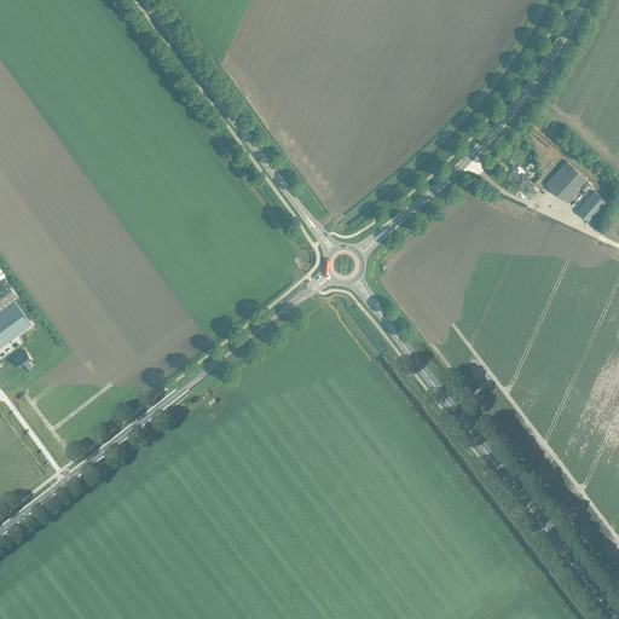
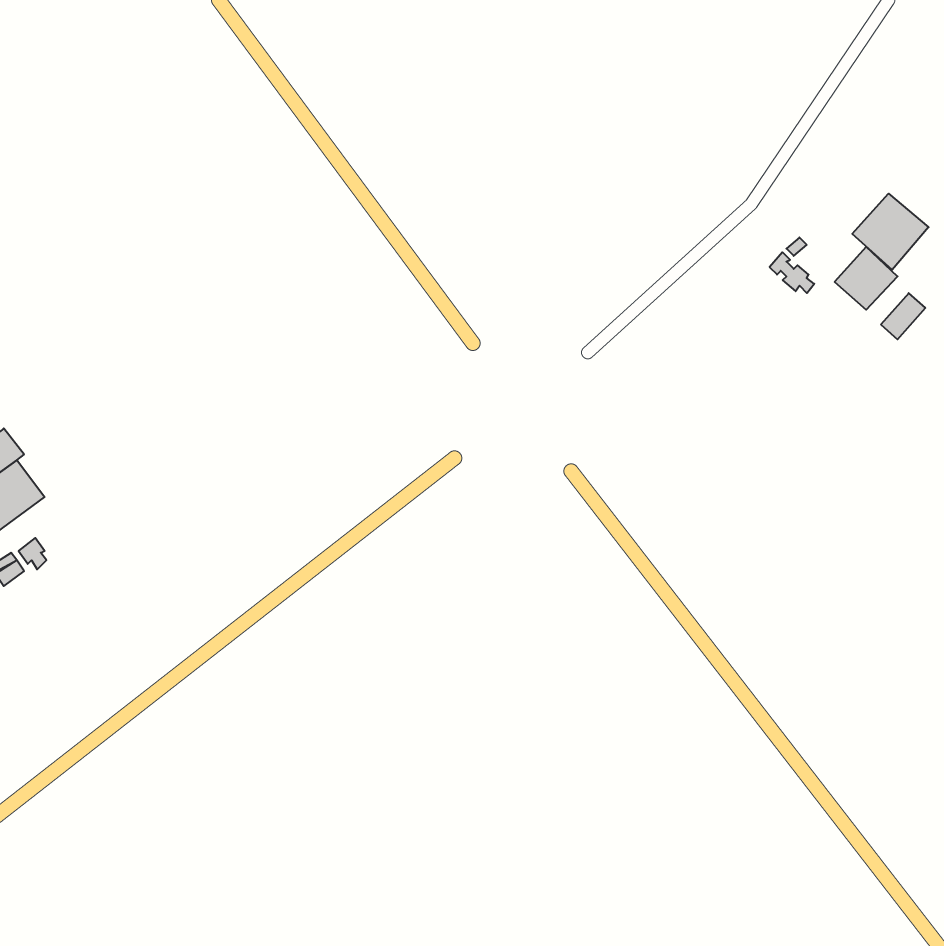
building: none -> [852,194,929,270]

